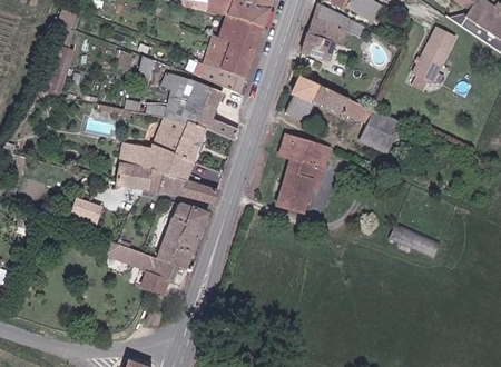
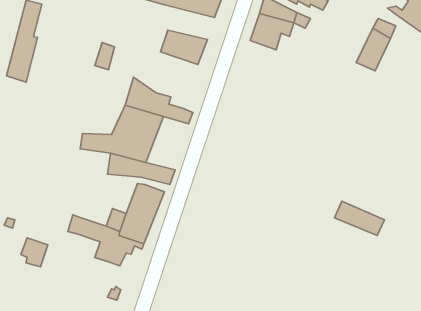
building: [207,12,263,49] -> none
building: [198,62,245,92] -> none
building: [164,71,224,110] -> none
building: [286,76,402,153] -> none
building: [276,132,332,214] -> none
building: [116,166,151,192] -> none
building: [71,196,100,227] -> [21,238,48,267]

